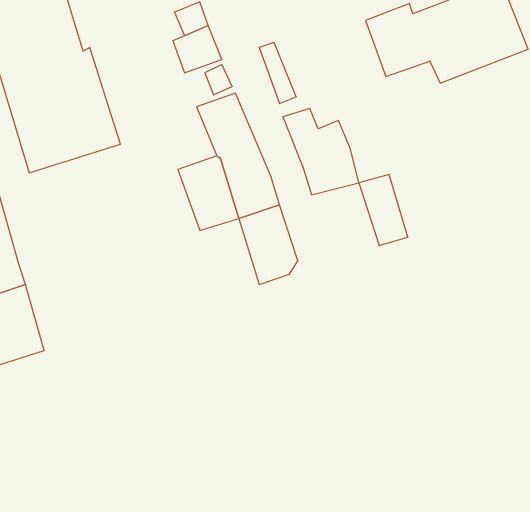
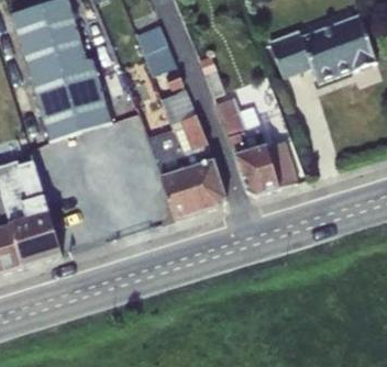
building: none -> [234,146,278,194]
building: none -> [162,169,200,220]

